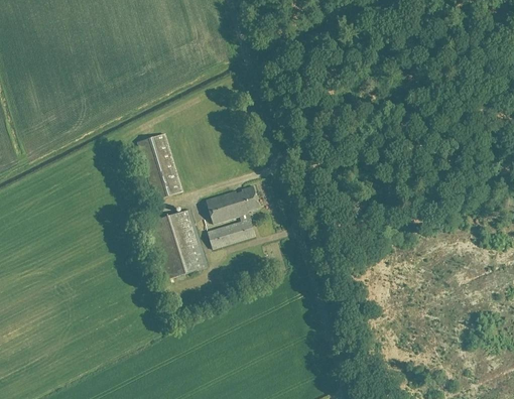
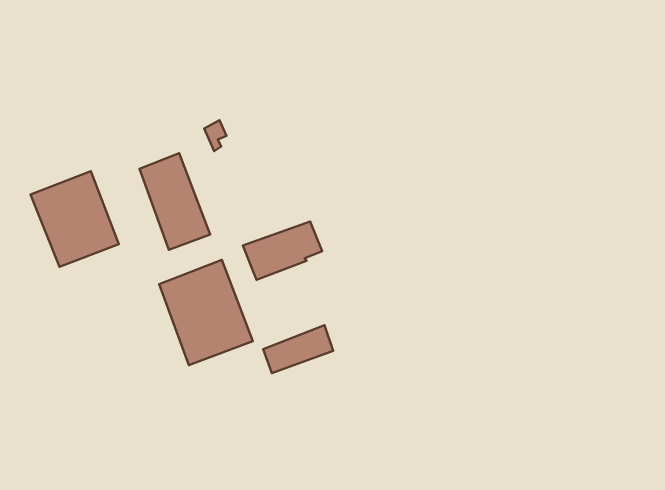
building: none -> [31,171,119,267]
building: [207,218,255,249] -> [263,325,333,373]

